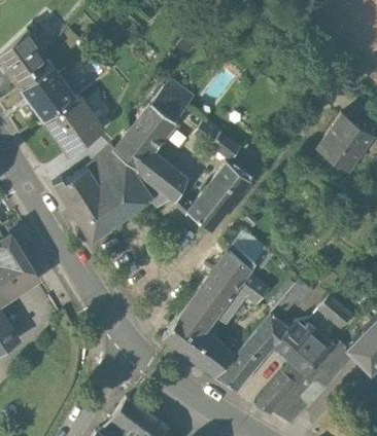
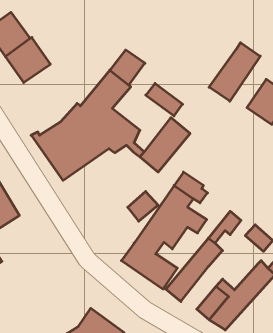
building: none -> [209,43,260,101]
building: [44,96,105,155] -> none
building: none -> [128,191,158,221]
building: [272,320,333,376] -> none

